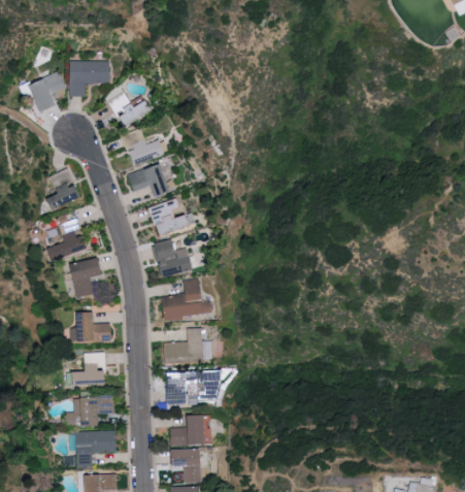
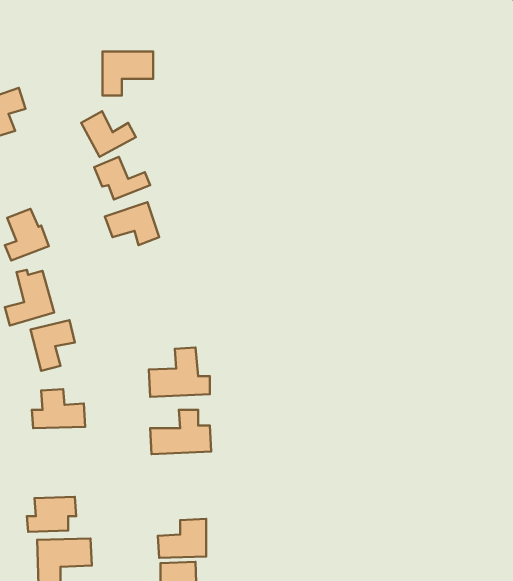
building: [69,61,109,96] -> [102,51,153,96]
building: [148,198,197,236] -> none
building: [156,238,194,277] -> none
building: [73,352,106,385] -> none
building: [165,371,220,404] -> none

